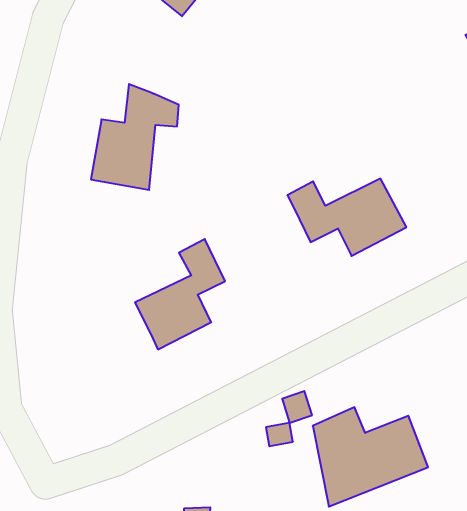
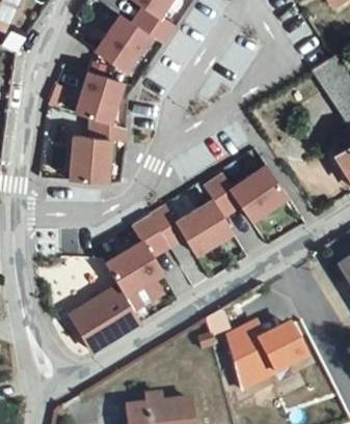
building: none -> [75,70,120,120]
building: none -> [150,197,231,251]
building: none -> [68,281,142,350]

